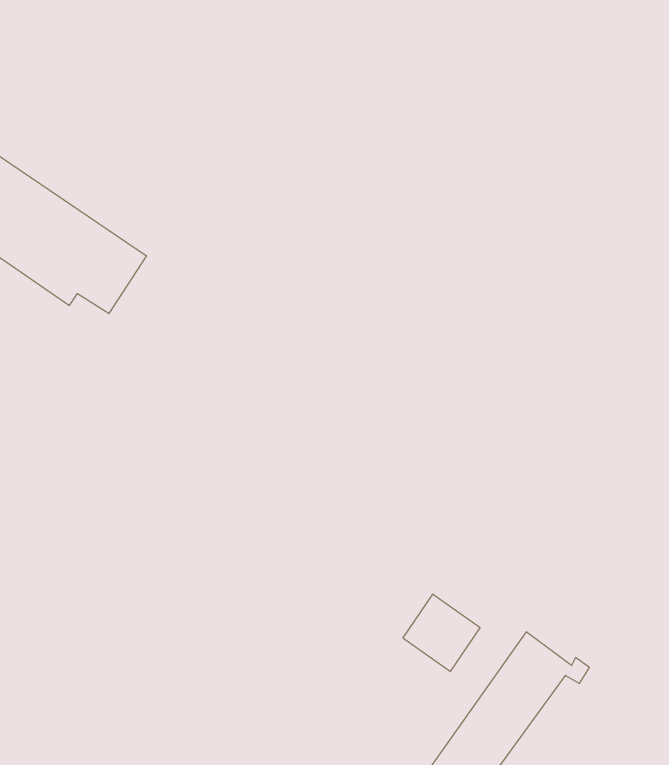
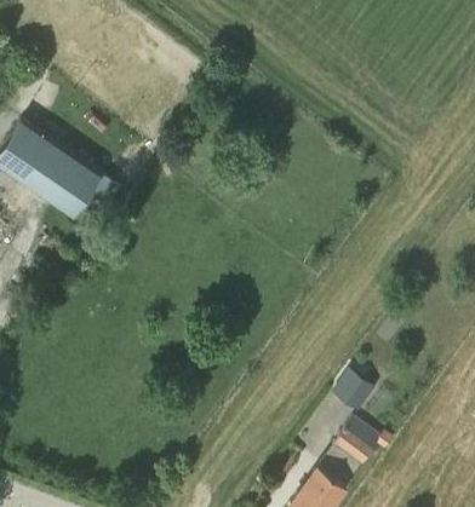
building: [403,594,480,671] -> [326,367,373,414]

